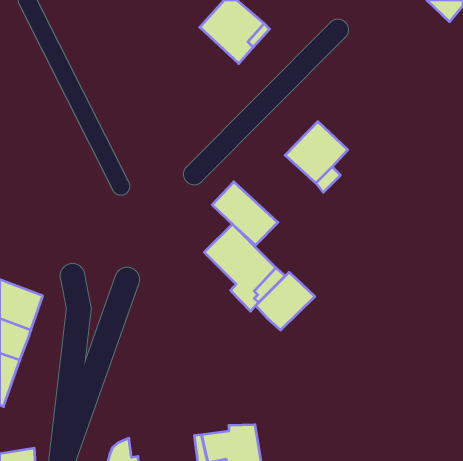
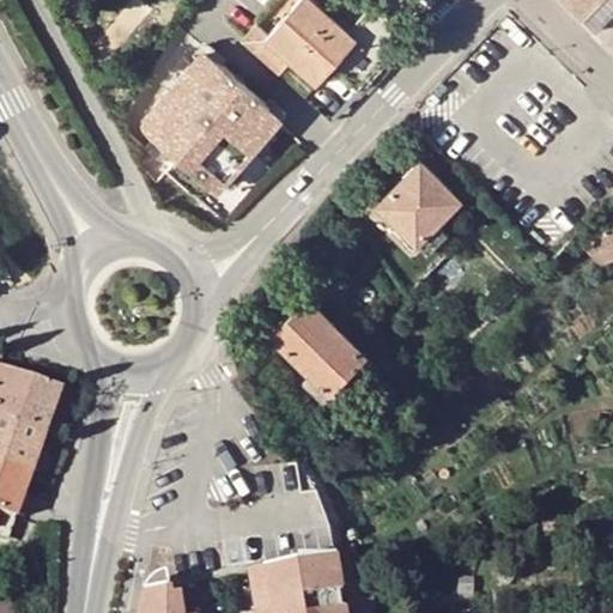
building: none -> [138,49,286,196]
building: [212,182,278,245] -> none
building: [256,272,315,330] -> none

